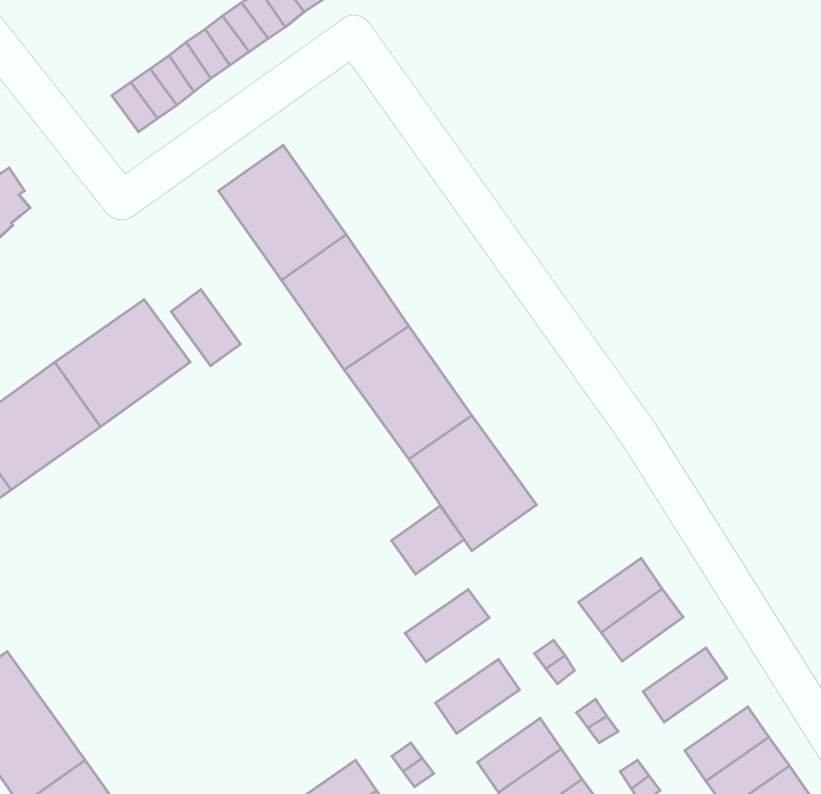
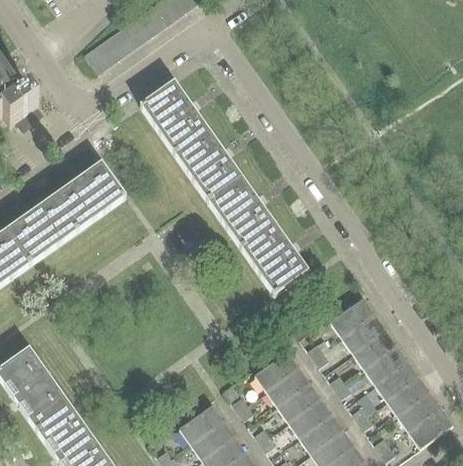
building: [171,289,240,366] -> none
building: [391,506,464,574] -> none
building: [405,589,489,662] -> [266,368,310,406]
building: none -> [354,329,398,369]
building: none -> [376,362,420,400]

